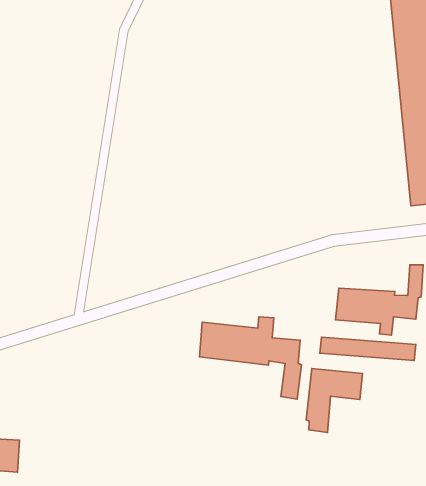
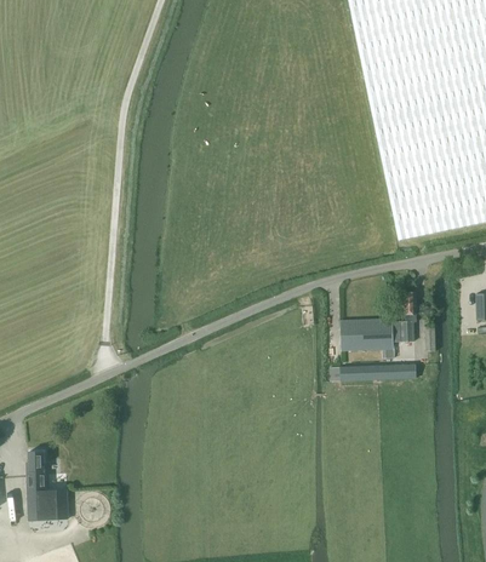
building: [199,317,301,399] -> none
building: [306,368,363,432] -> none

